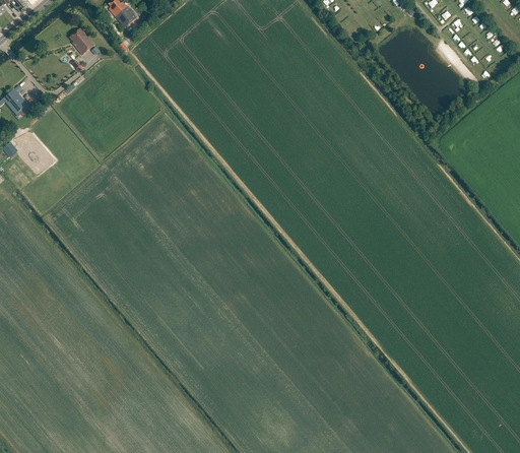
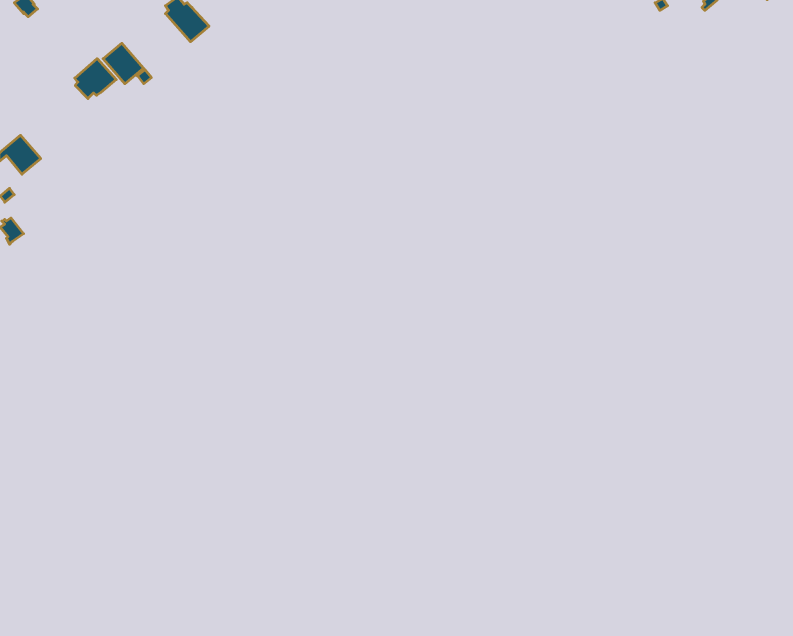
building: none -> [75,59,116,99]

